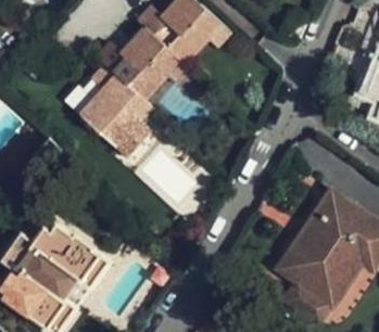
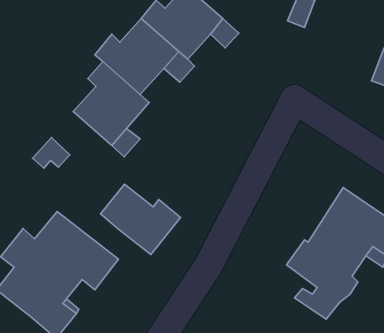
building: none -> [101,184,180,255]

